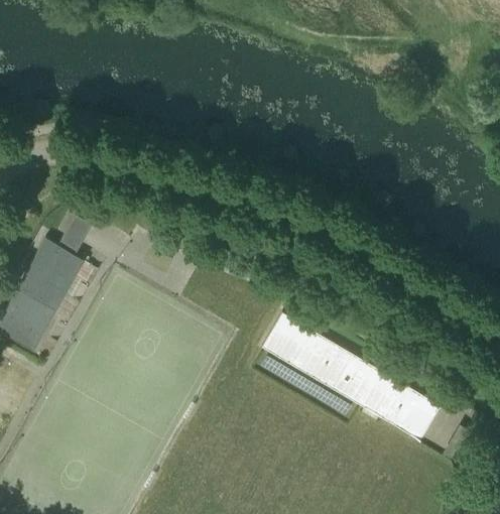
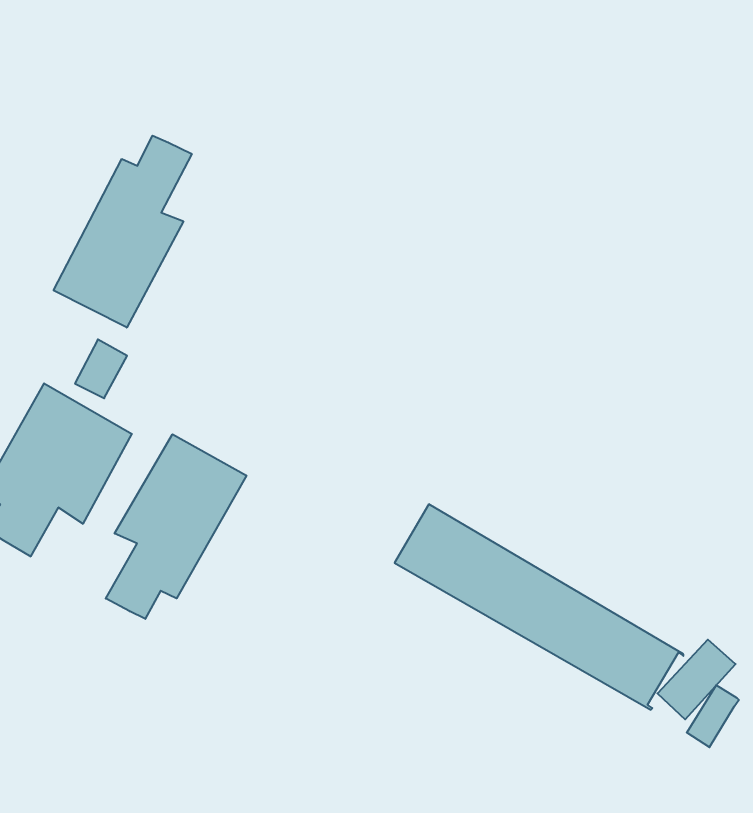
building: none -> [54,136,192,328]
building: none -> [106,434,246,619]

